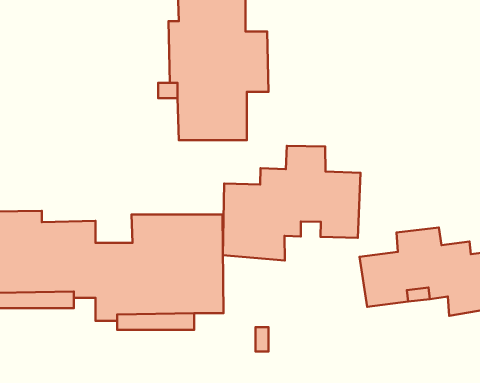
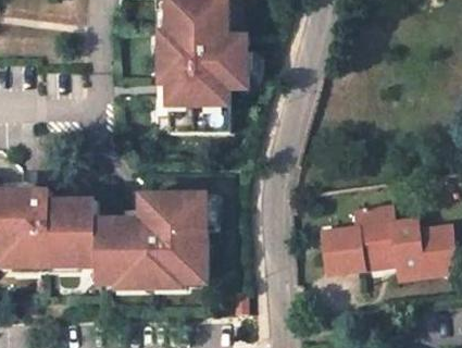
building: [223,146,361,261] -> none

